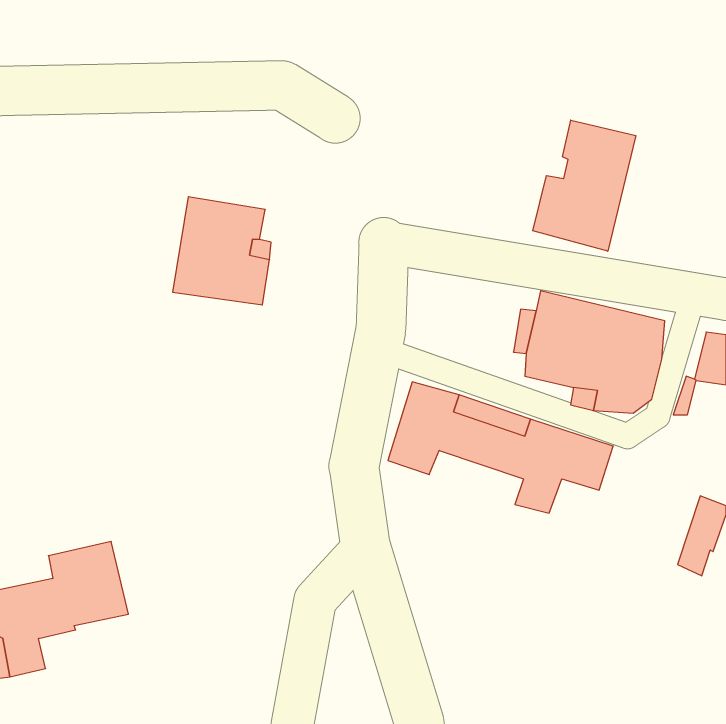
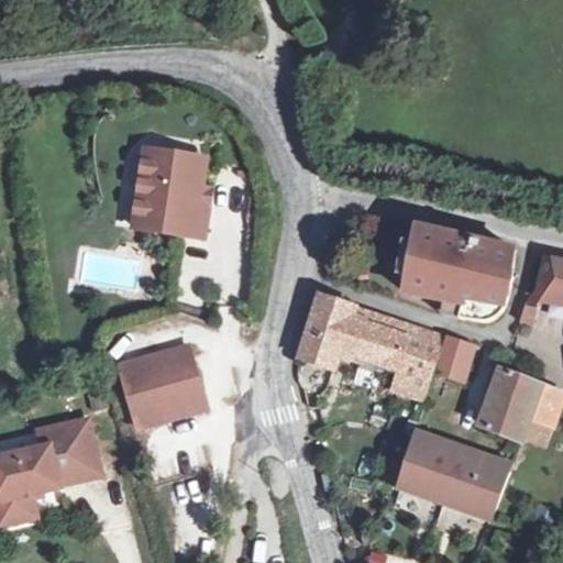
building: [533,120,636,251] -> none
building: none -> [120,343,205,427]
building: none -> [478,366,540,440]
building: none -> [399,439,508,516]

